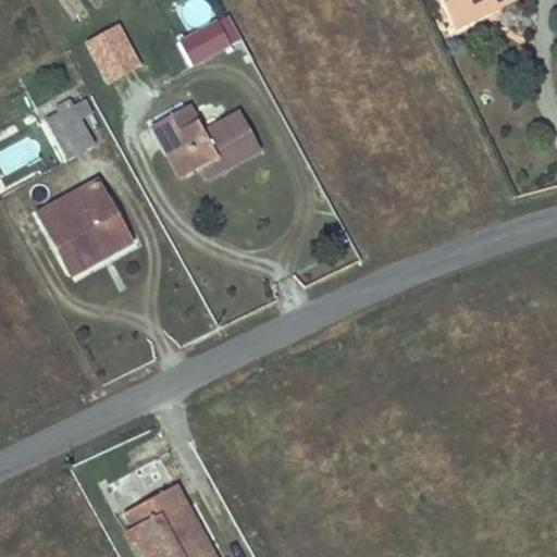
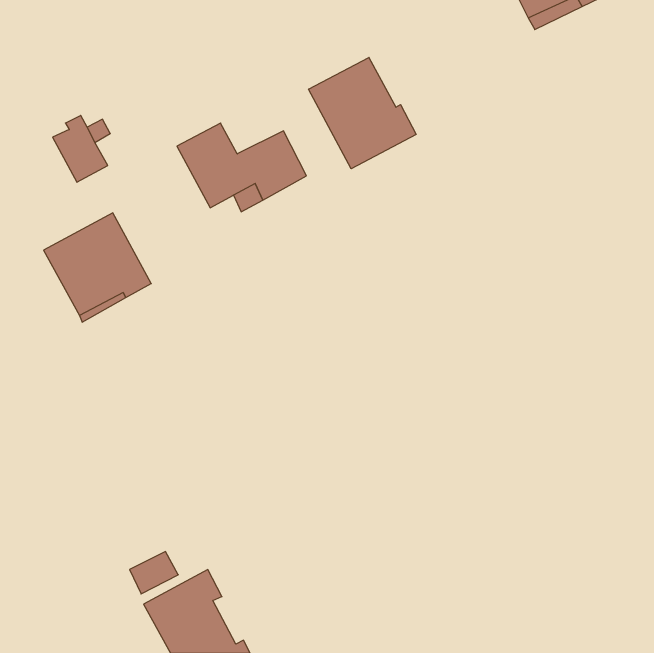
building: [184,16,244,66] -> none
building: [87,24,138,79] -> none
building: none -> [309,57,416,169]

